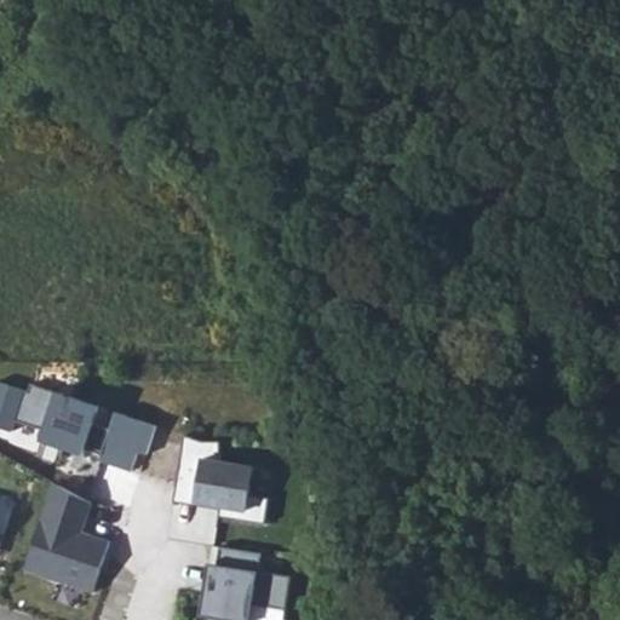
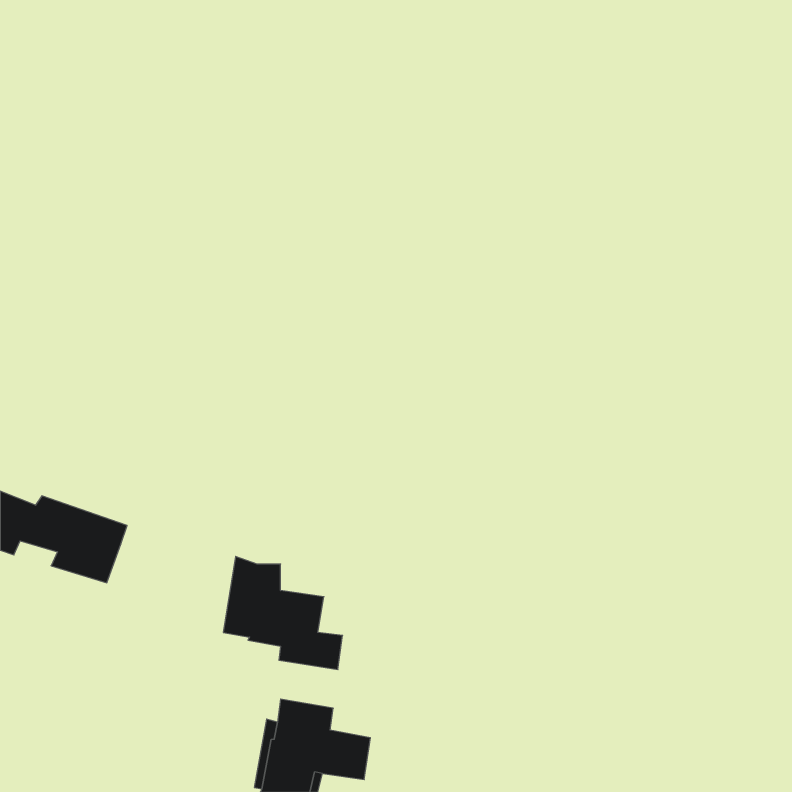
building: [84,414,155,472] -> none
building: [24,482,109,592] -> none

